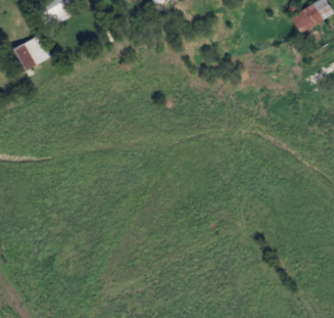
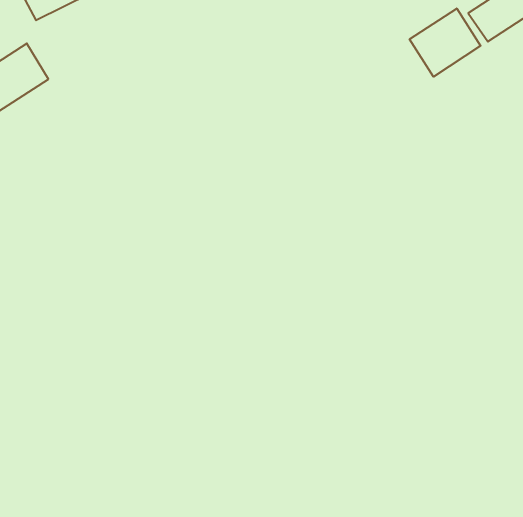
building: none -> [410,8,481,77]

